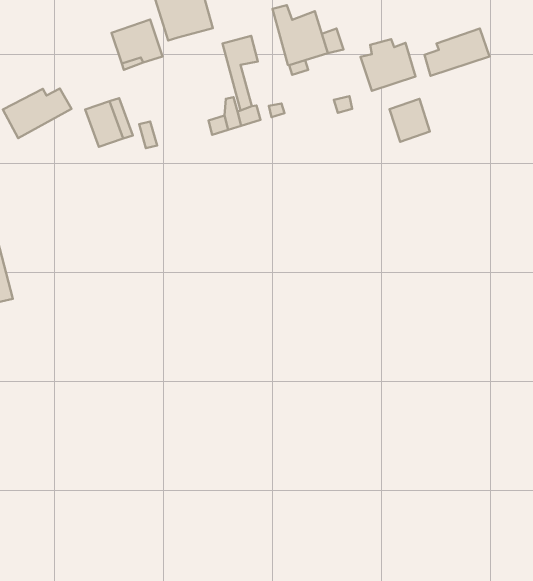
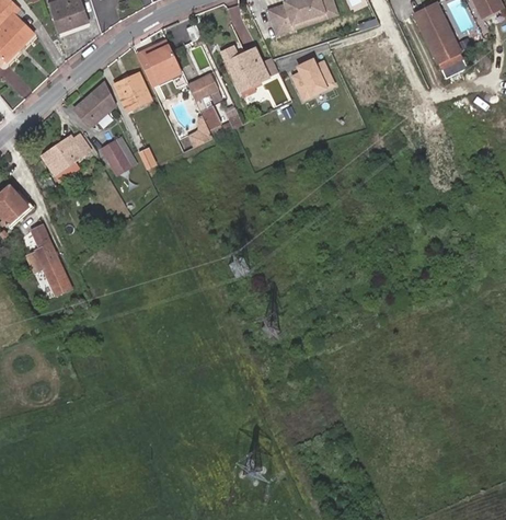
building: none -> [71,84,114,126]
building: [424,28,489,76] -> none
building: [390,99,430,142] -> none

